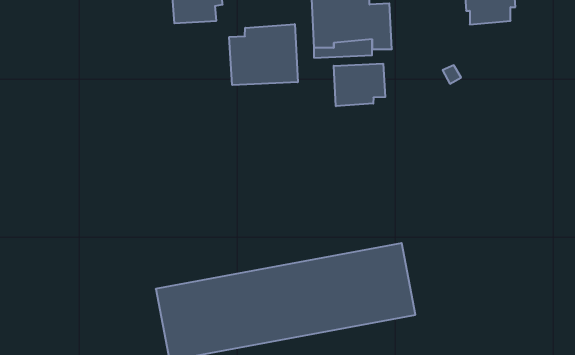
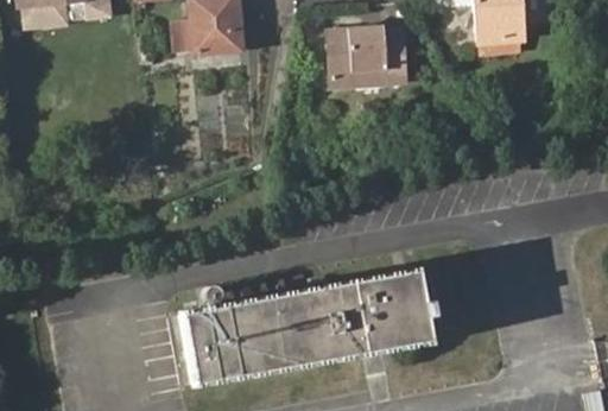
building: [229,24,298,85] -> none
building: [334,64,385,106] -> none

